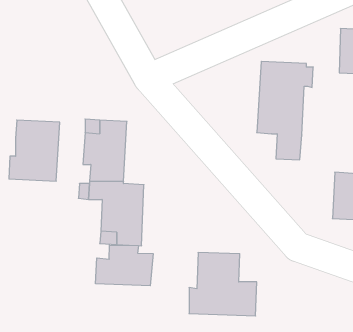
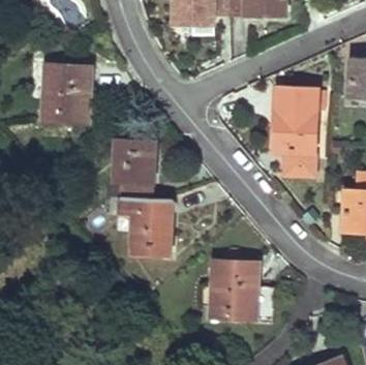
building: [9,120,60,181] -> [43,65,90,121]
building: [96,245,153,286] -> none

